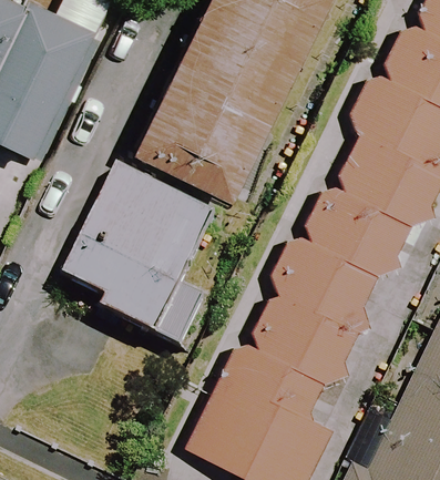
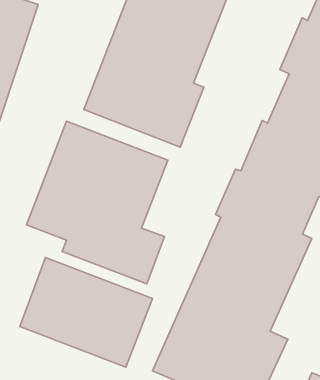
building: none -> [20,257,152,367]

